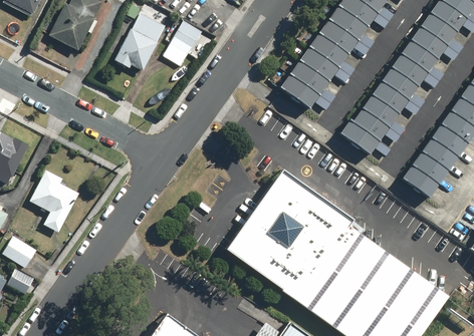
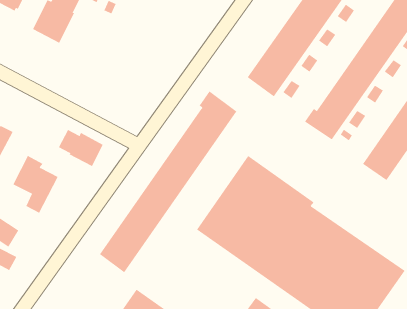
building: [113,13,164,72] -> none
building: [162,21,202,65] -> none
building: none -> [99,91,237,273]
building: none -> [58,129,104,167]

